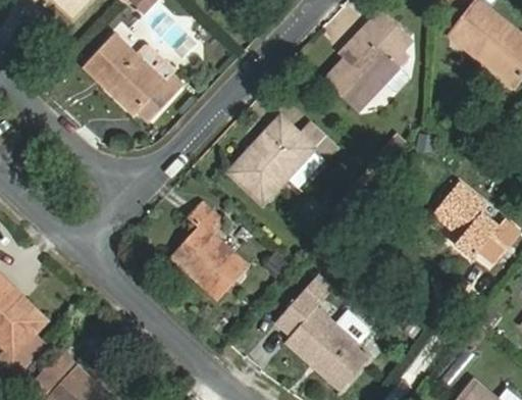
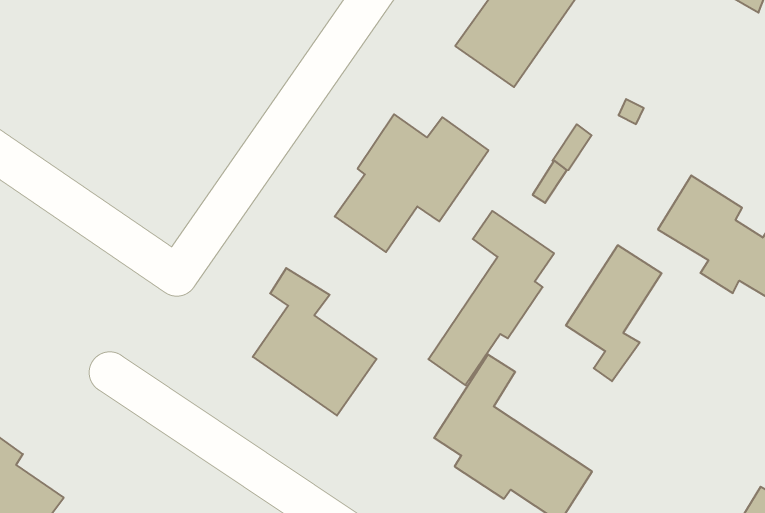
building: [87,33,182,121] -> none
building: none -> [428,211,554,385]
building: none -> [566,245,662,381]

